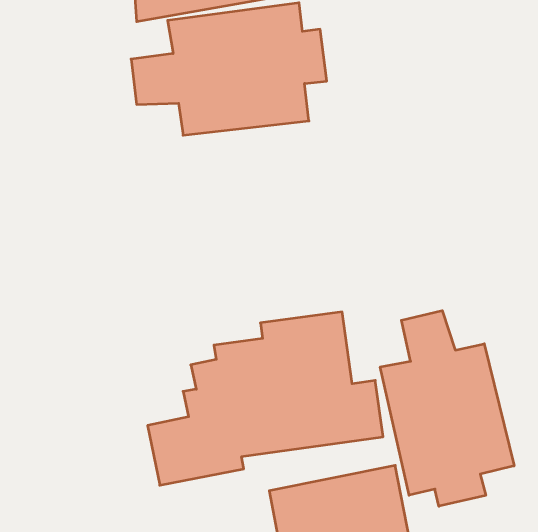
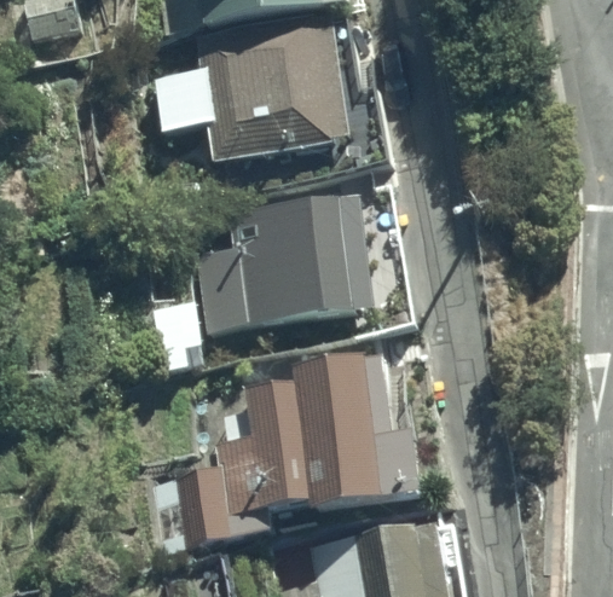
building: none -> [184,182,377,352]
building: [380,311,514,506] -> none

